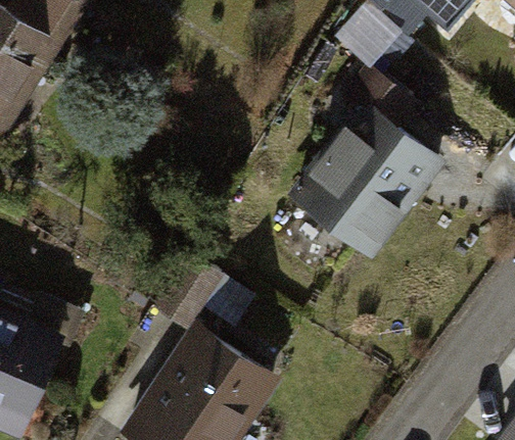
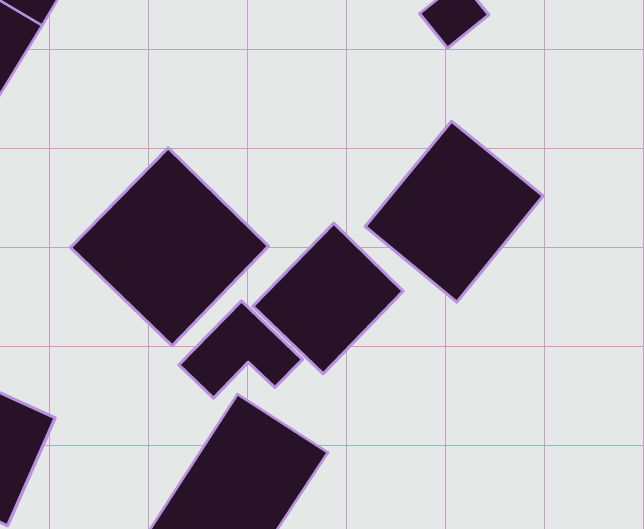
building: none -> [70,148,268,346]
building: none -> [253,223,403,374]

